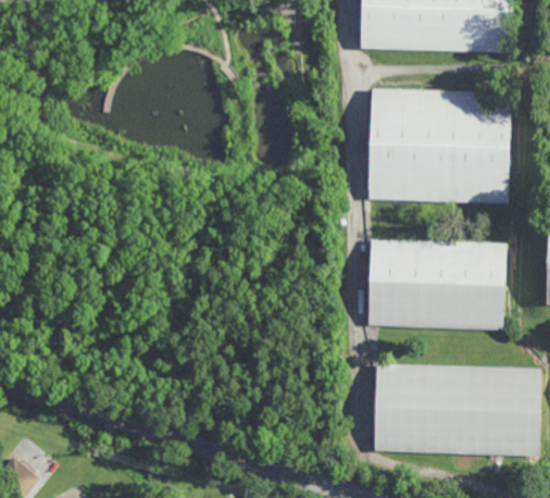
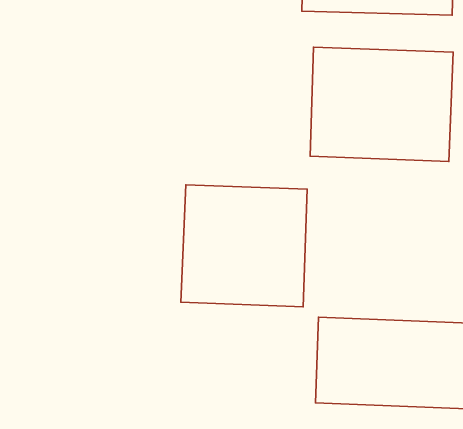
building: none -> [181,185,307,307]
building: [366,238,507,333] -> none

